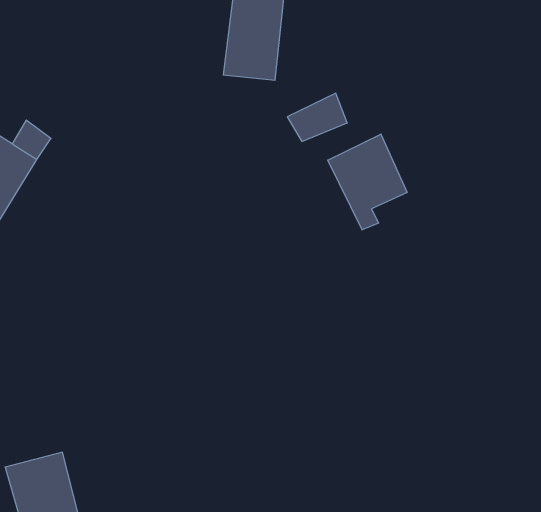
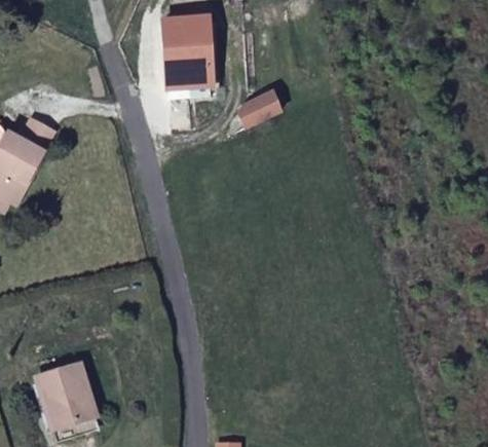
building: [328,134,407,230] -> none

